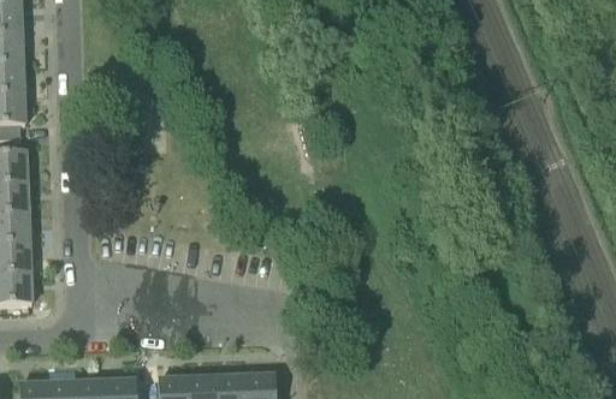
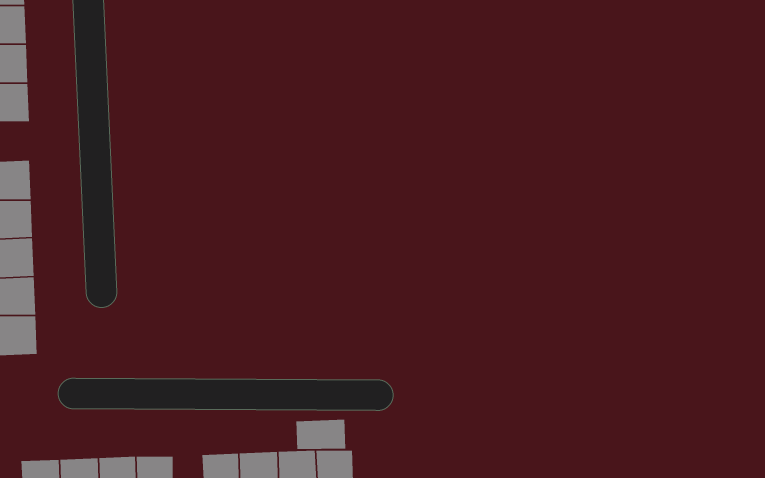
building: none -> [296,419,346,450]

